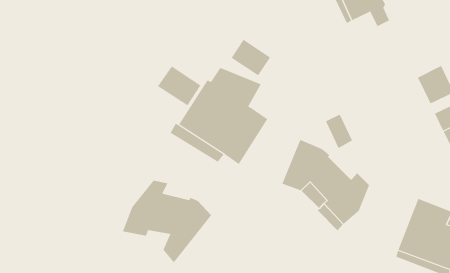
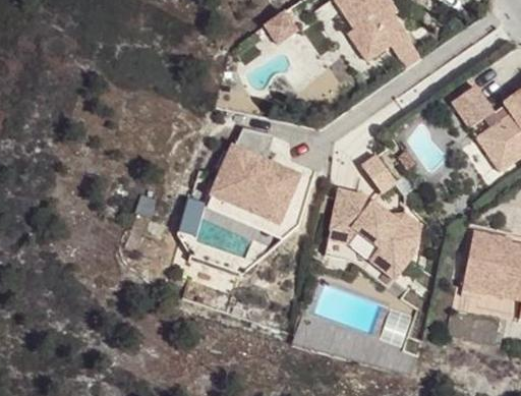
building: [231,39,271,76] -> none
building: [157,66,201,106] -> none
building: [122,180,212,263] -> none

